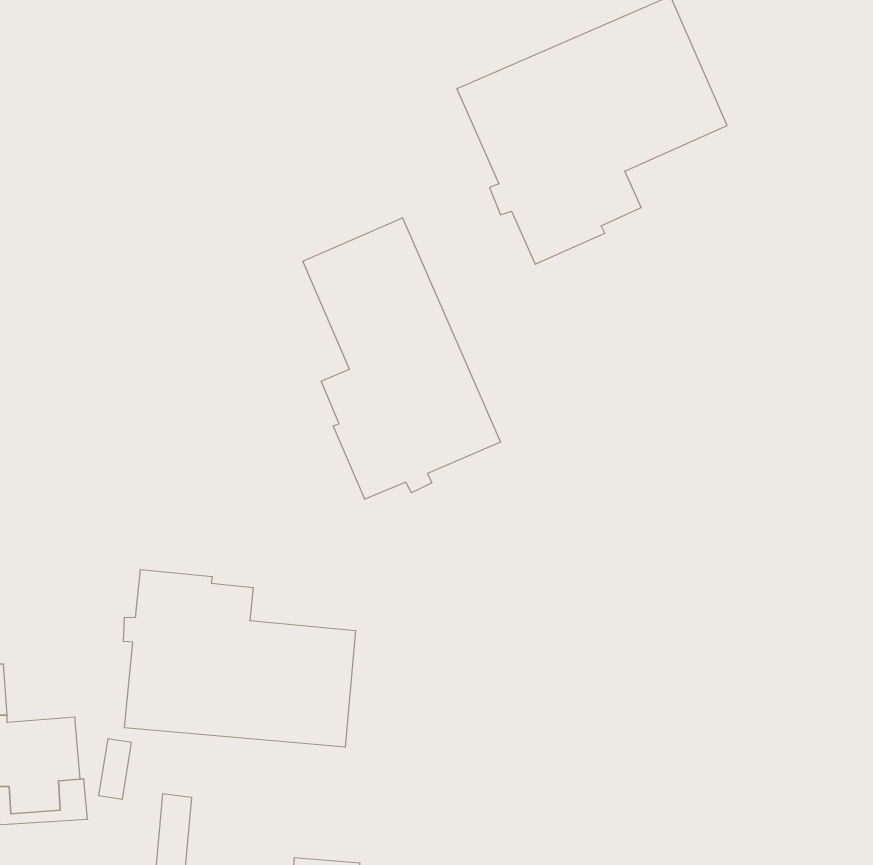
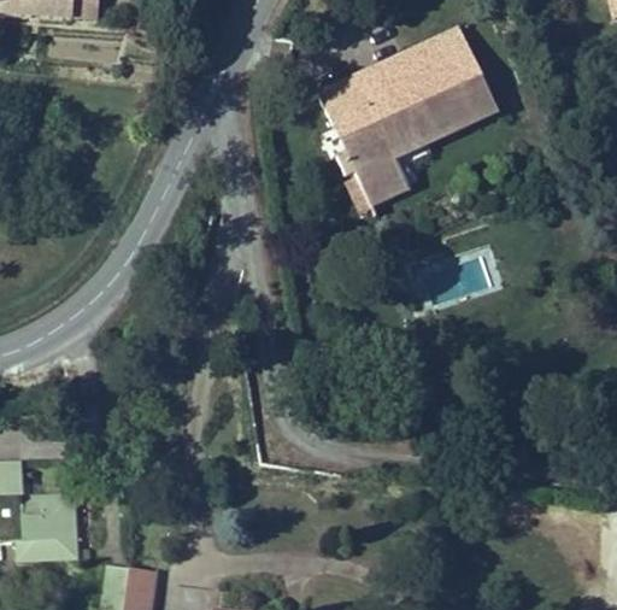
building: [303,218,501,499] -> none
building: [123,570,356,747] -> none

